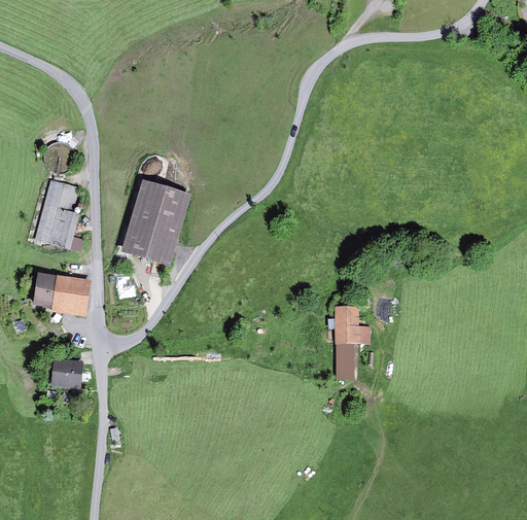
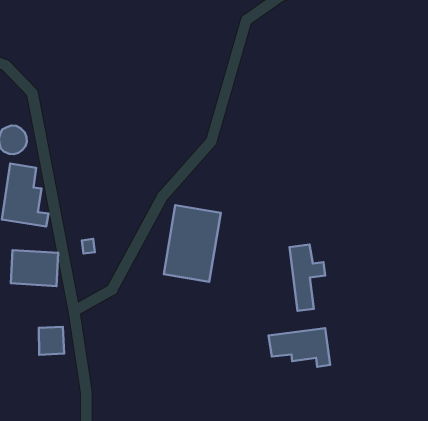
building: [122,180,191,267] -> [164,205,221,282]
building: none -> [268,328,330,367]

